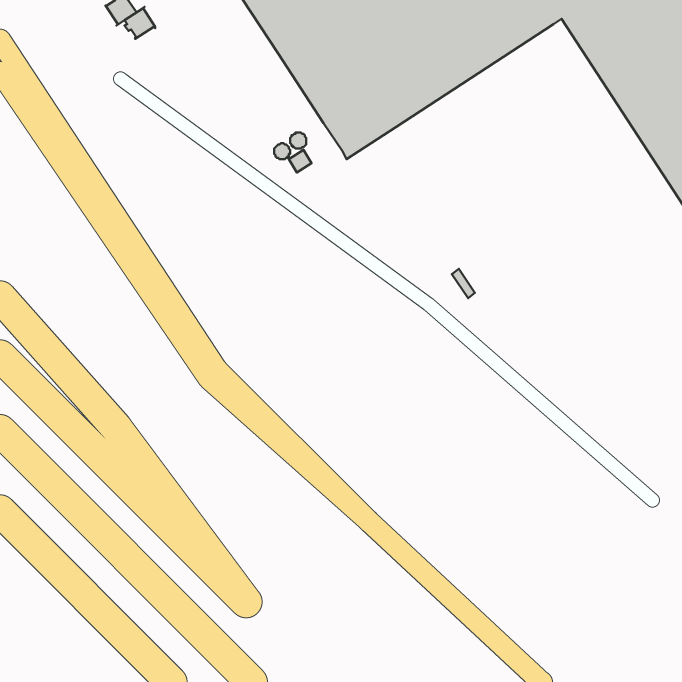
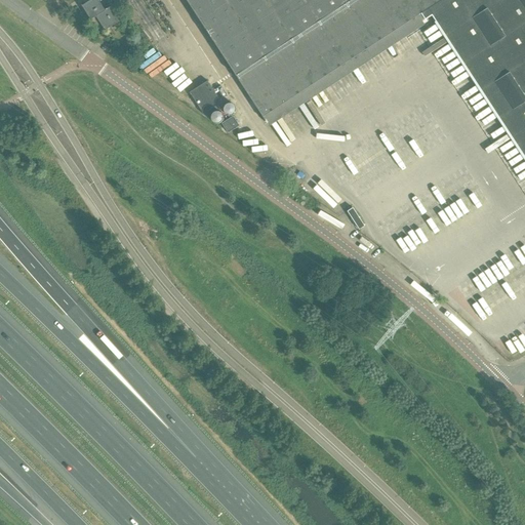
building: none -> [190,80,223,113]

